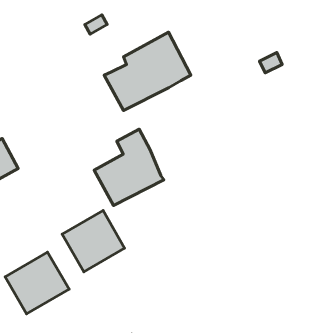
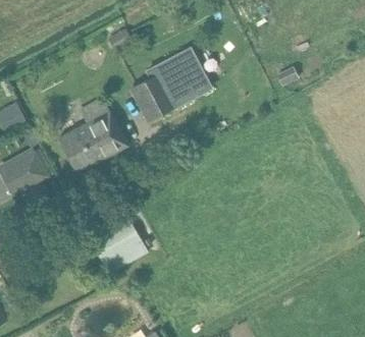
building: [94,129,164,206] -> [59,99,125,171]
building: [5,252,69,314] -> none

